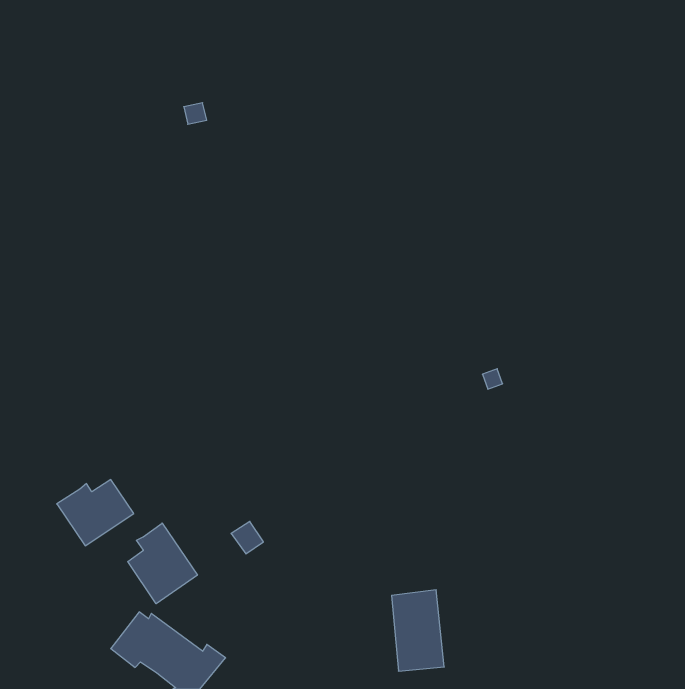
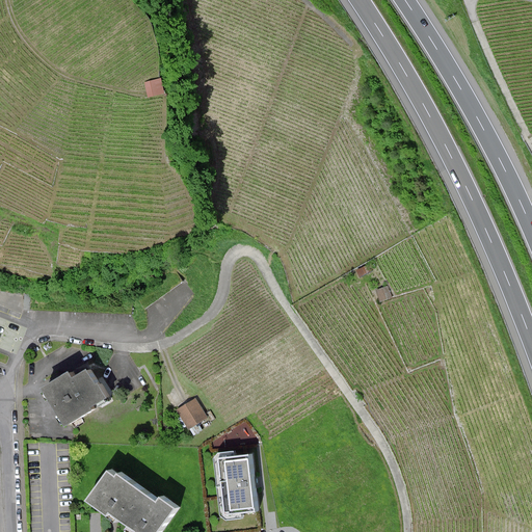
building: [128,523,197,604] -> none
building: [392,590,444,671] -> [219,450,260,512]

